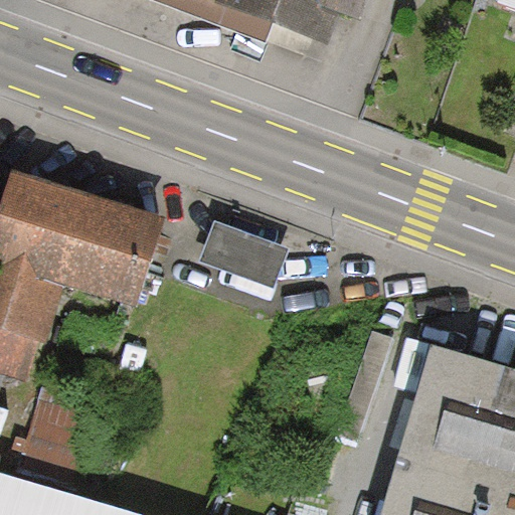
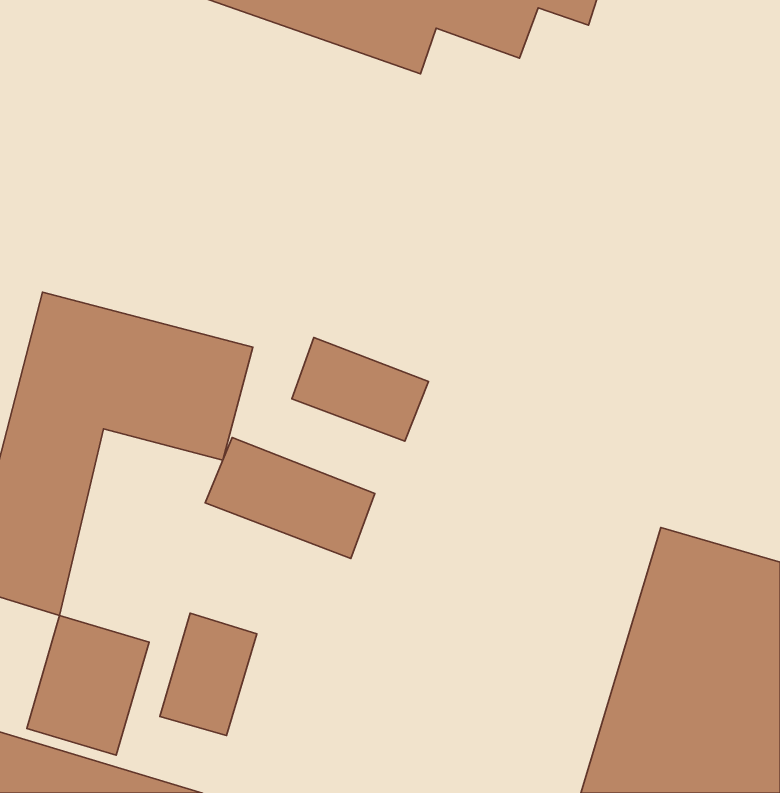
building: none -> [205,438,375,559]
building: none -> [160,613,257,735]

